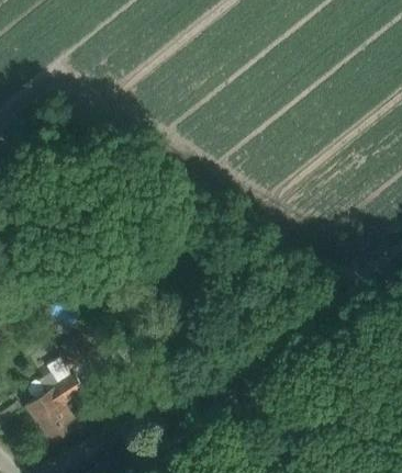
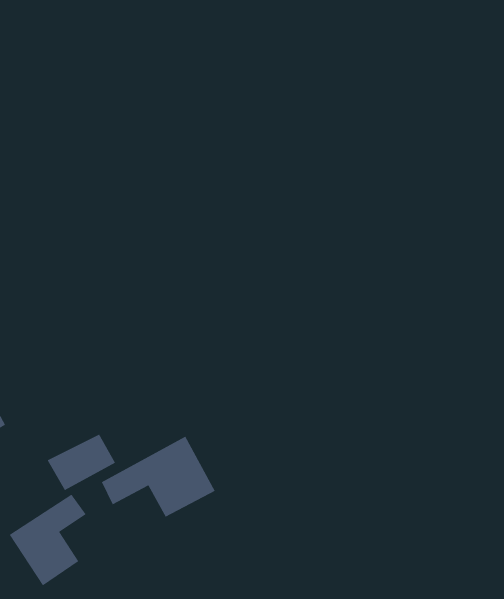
building: none -> [101,436,216,518]

